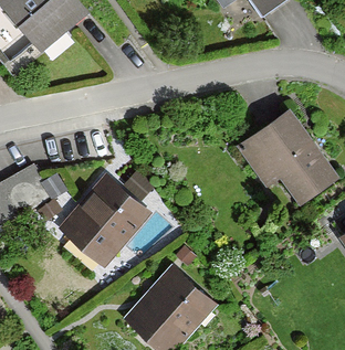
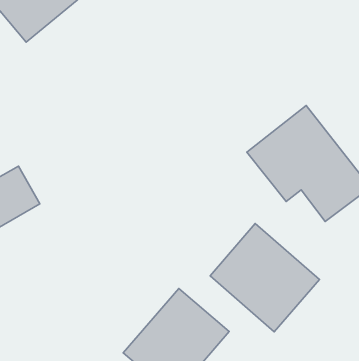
building: [59,173,153,268] -> none
building: none -> [210,223,320,332]

